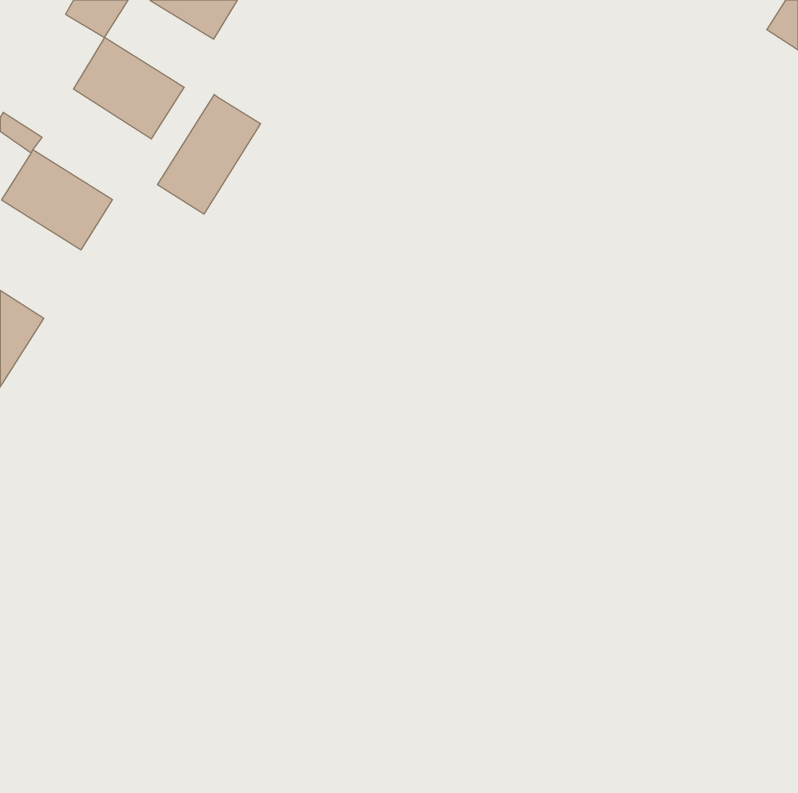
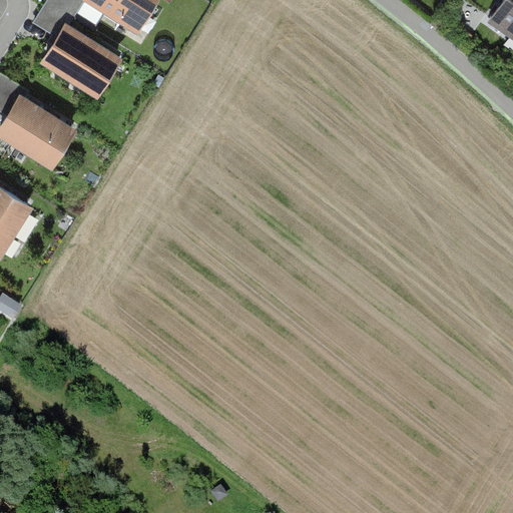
building: [158,94,261,214] -> none

